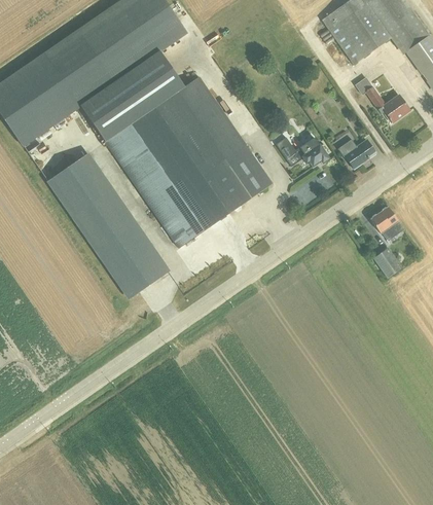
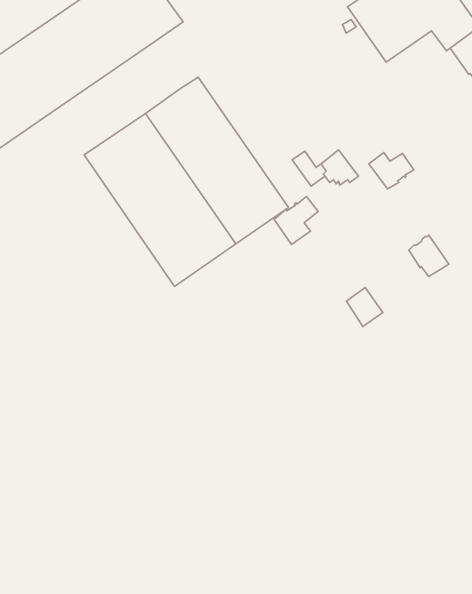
building: [80,49,184,140] -> none
building: [355,76,409,122] -> none
building: [47,152,170,298] -> none
building: none -> [274,196,318,244]
building: [373,246,403,278] -> [347,287,383,326]

